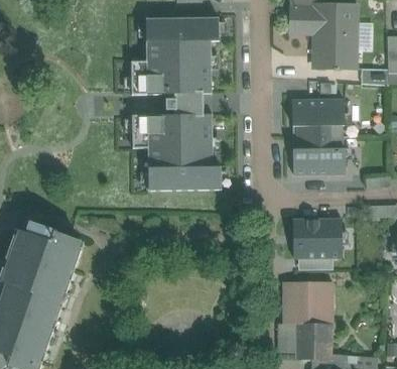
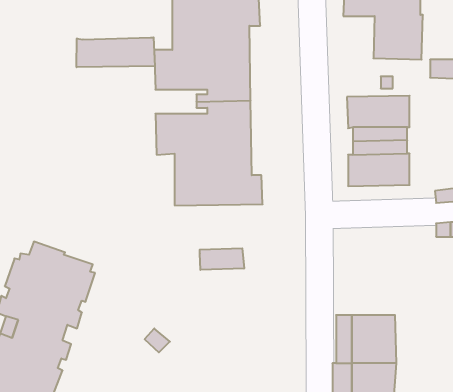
building: none -> [77,37,155,67]
building: [295,217,345,267] -> none
building: none -> [200,248,244,270]

